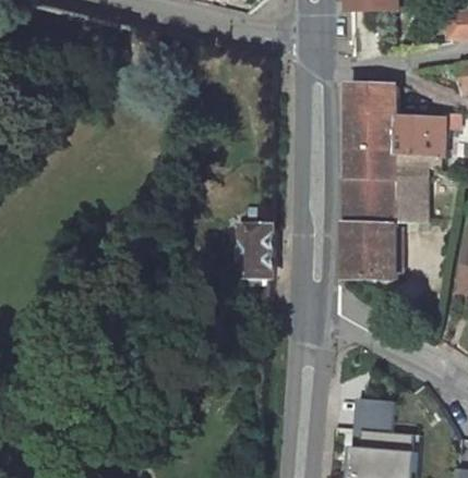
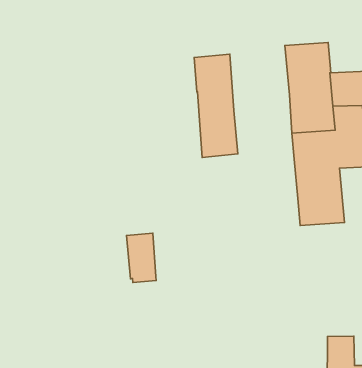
building: none -> [194,54,238,157]
building: [242,226,271,278] -> [127,233,156,283]

